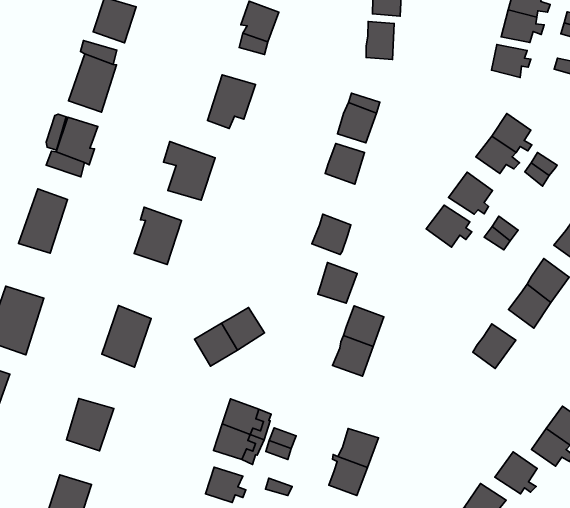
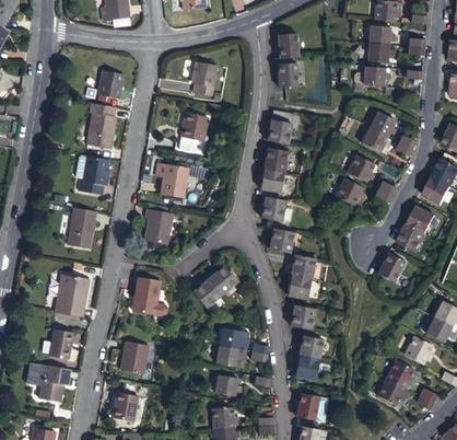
building: none -> [259,169,283,194]
building: none -> [290,305,314,329]

